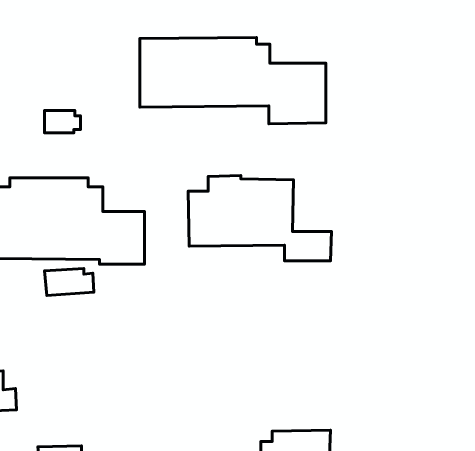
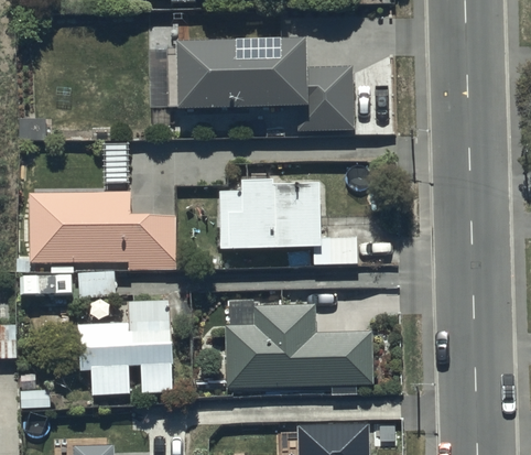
building: none -> [76,301,170,394]
building: none -> [227,301,371,393]

